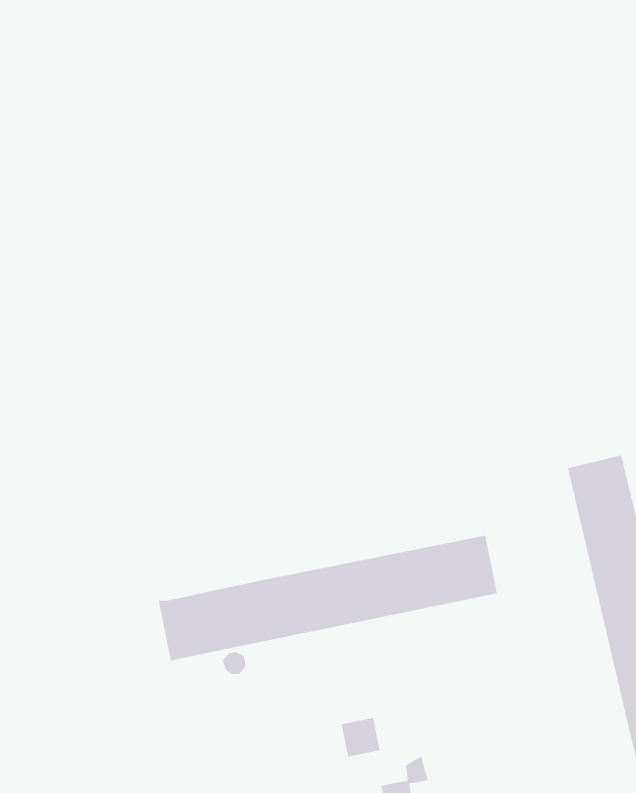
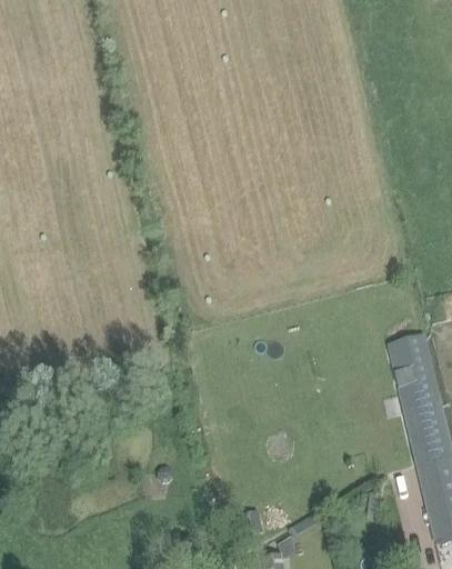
building: [158,535,497,661] -> none

